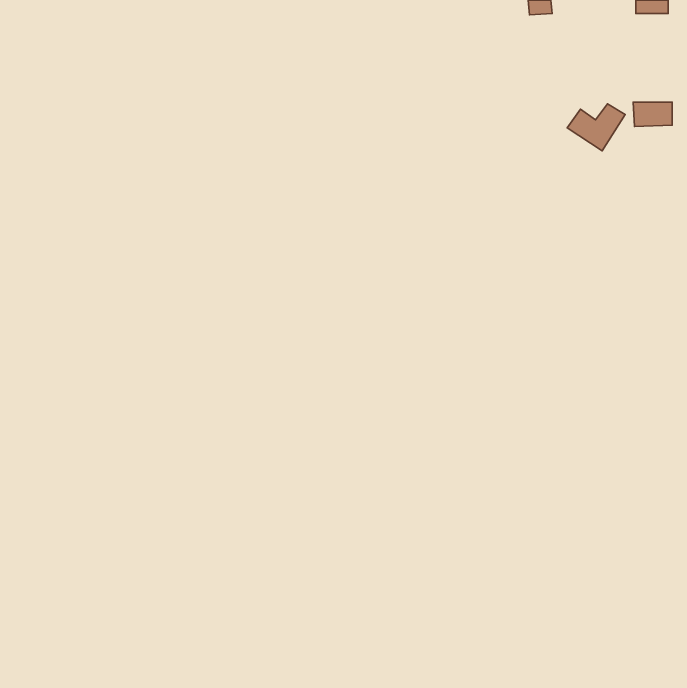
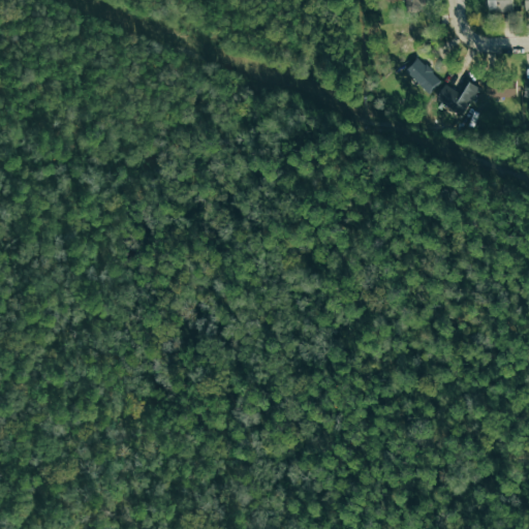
building: none -> [406,58,442,94]

